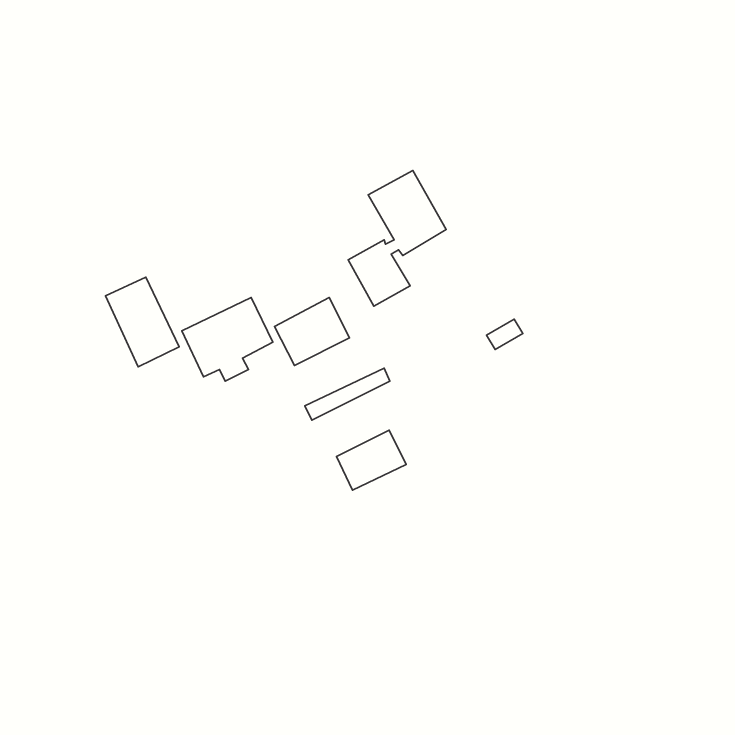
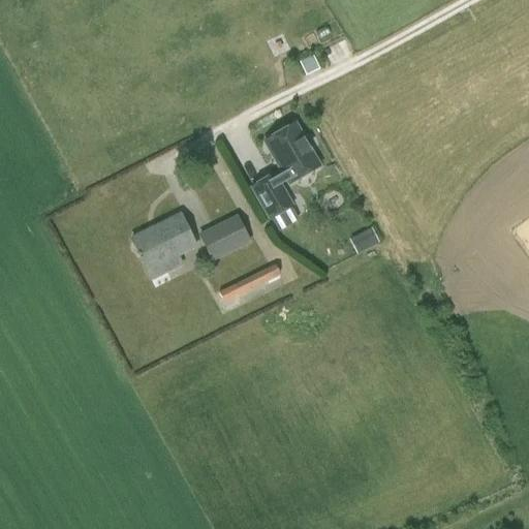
building: [105,277,179,367] -> none
building: [337,430,406,490] -> none

